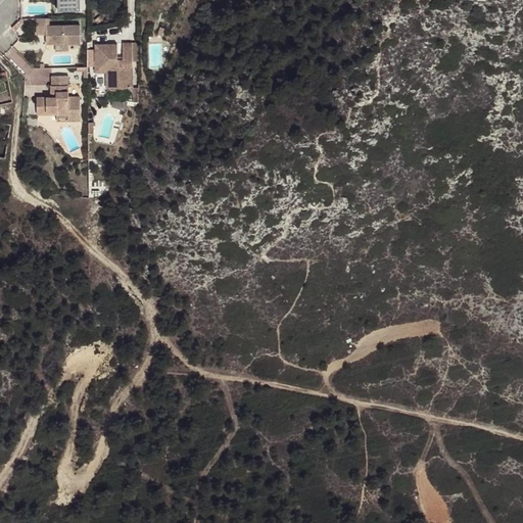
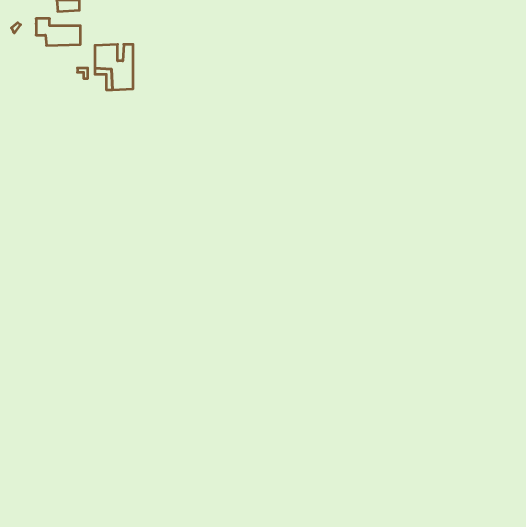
building: [36,76,80,115] -> none

